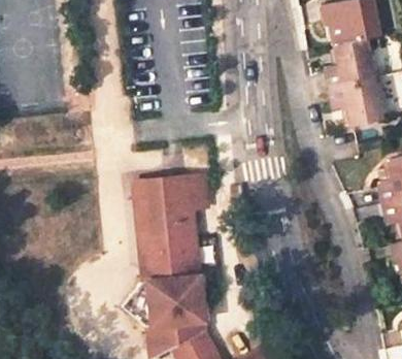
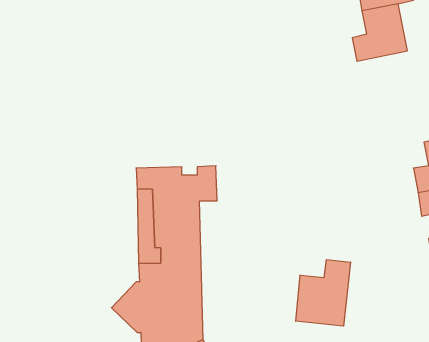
building: [333,78,386,126] -> none
building: none -> [296,260,351,326]

